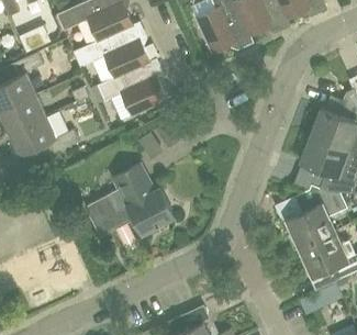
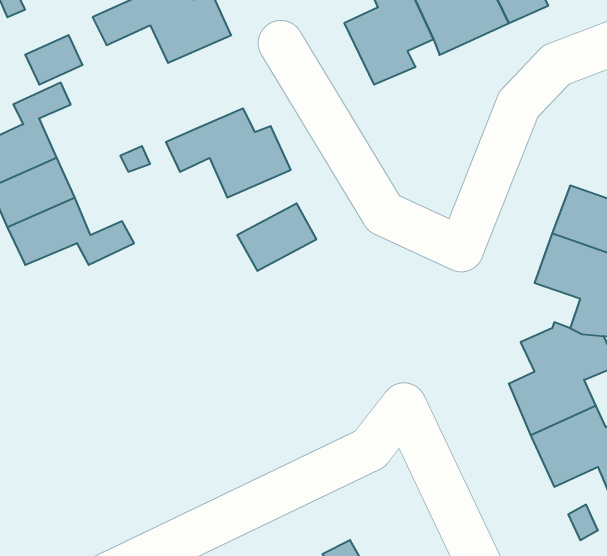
building: [74,25,148,77] -> none
building: [85,164,175,236] -> none

